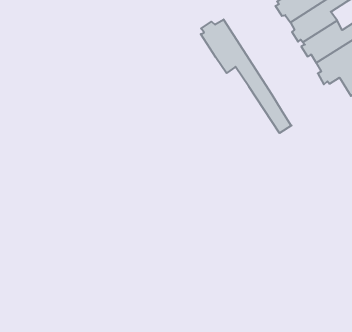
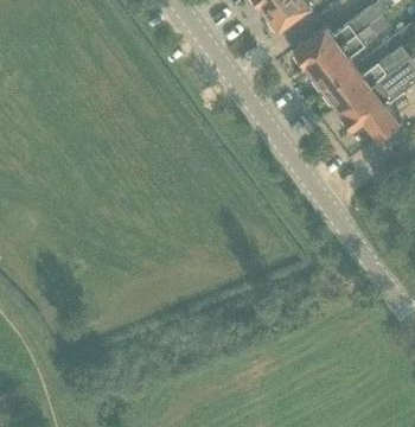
building: [201,19,292,133] -> none

